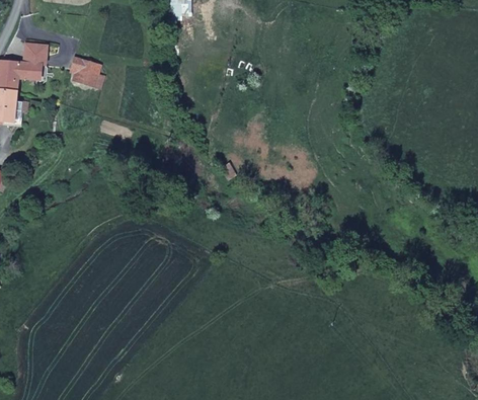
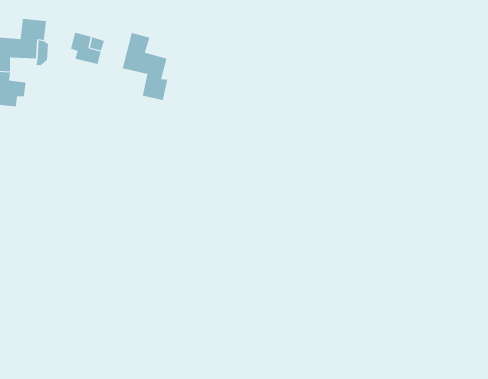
building: none -> [122,32,168,101]

